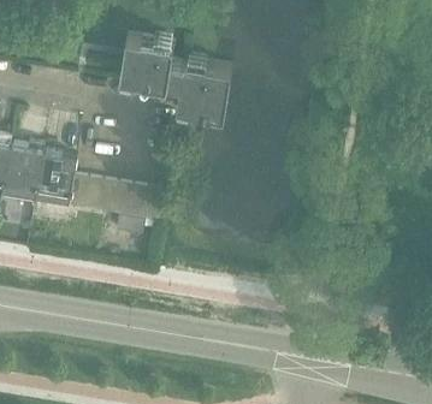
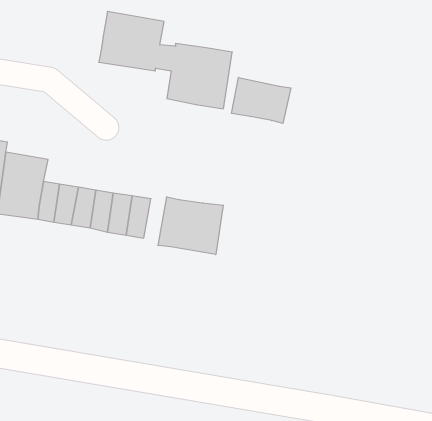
building: none -> [232,77,291,123]
building: none -> [158,197,223,255]

